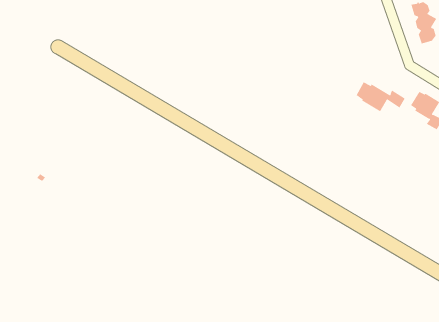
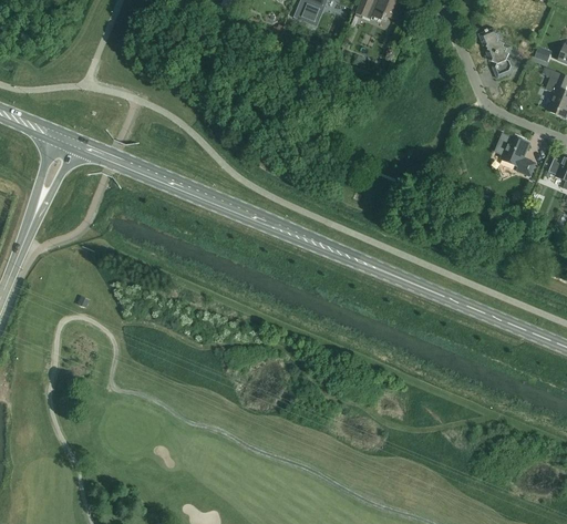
building: [356,82,406,112] -> none

